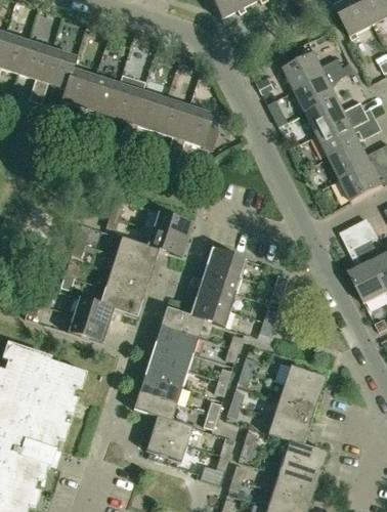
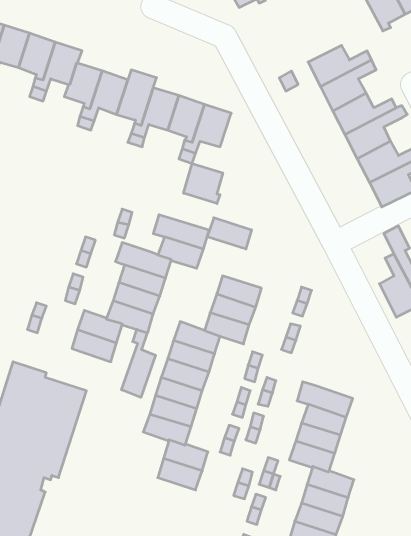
building: none -> [184,163,223,204]
building: [206,247,247,275] -> [207,218,252,249]
building: none -> [122,329,155,397]

